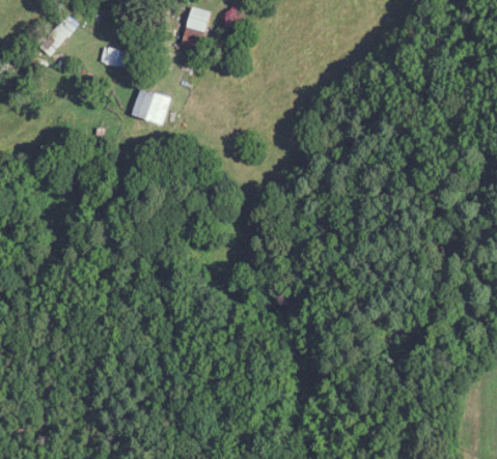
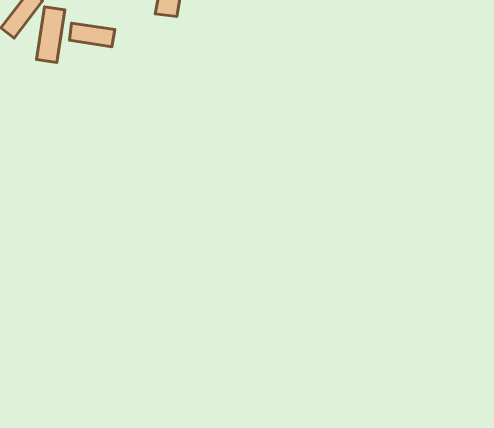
building: none -> [37,7,65,63]
building: [132,88,170,123] -> none

